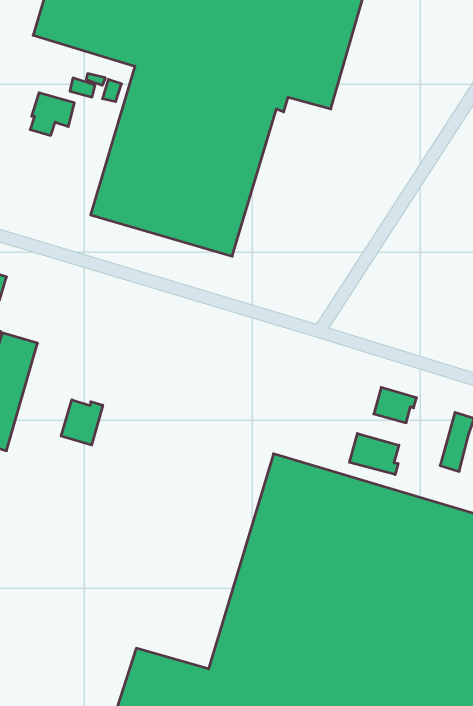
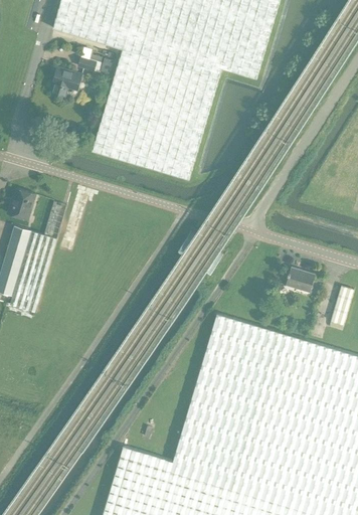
building: [61,400,103,445] -> none
building: [349,433,399,475] -> none

